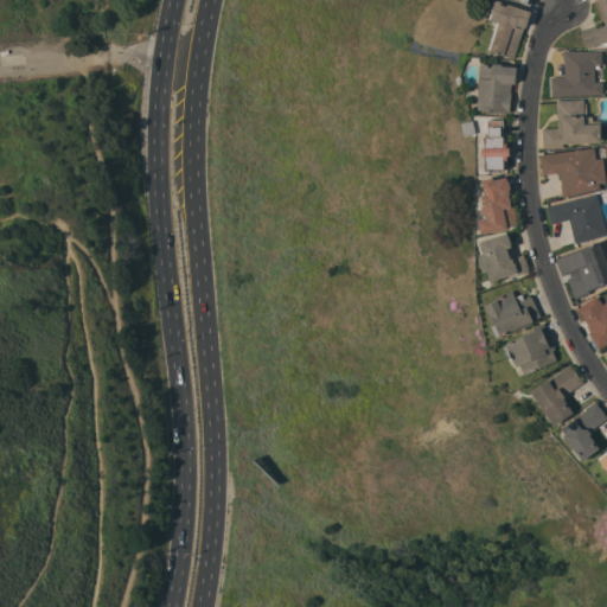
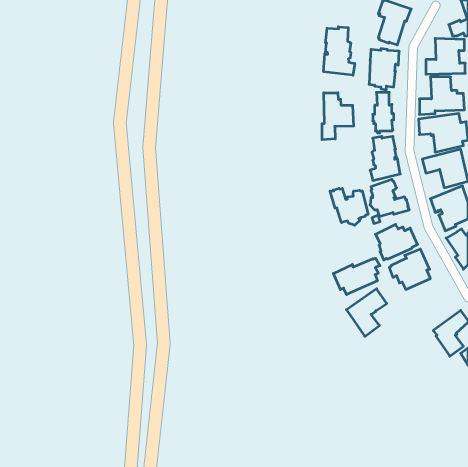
building: none -> [324,27,355,75]
building: none -> [322,93,354,140]
building: none -> [330,188,368,225]
building: none -> [333,258,380,295]
building: [531,365,583,427] -> [346,289,387,336]

